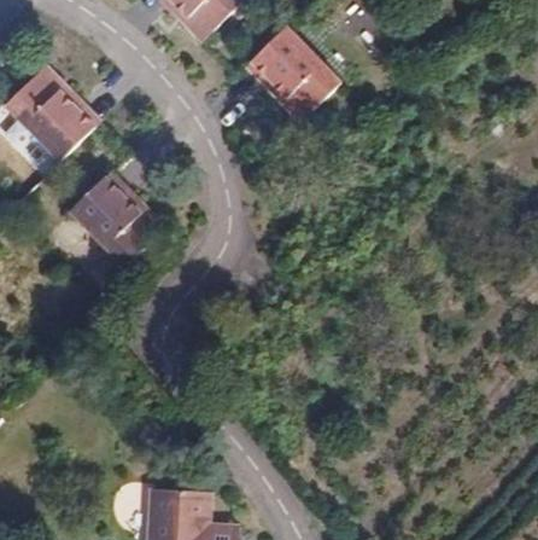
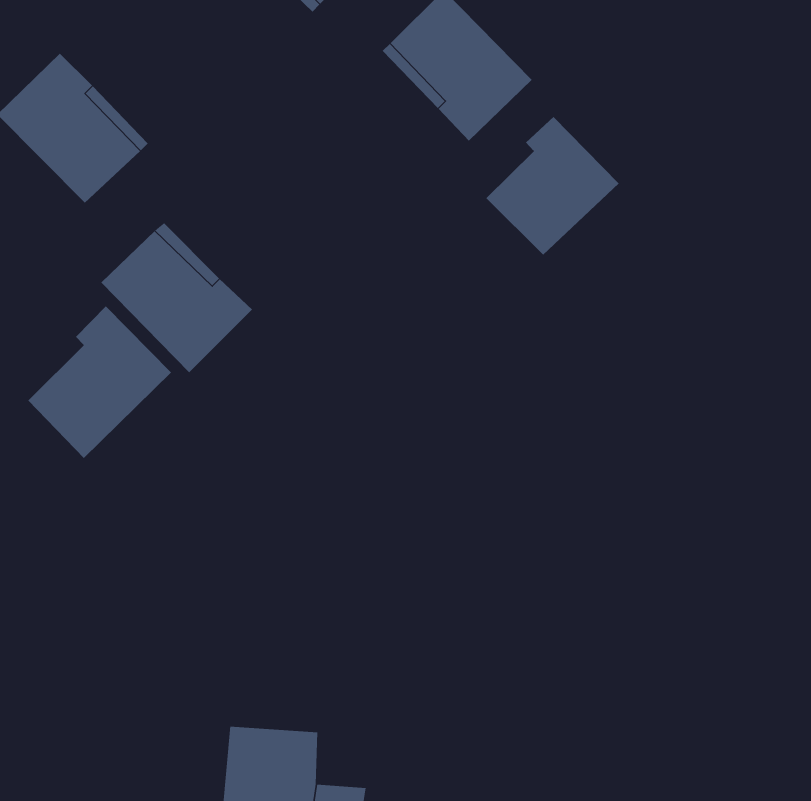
building: none -> [485,116,620,255]
building: none -> [28,306,172,459]

